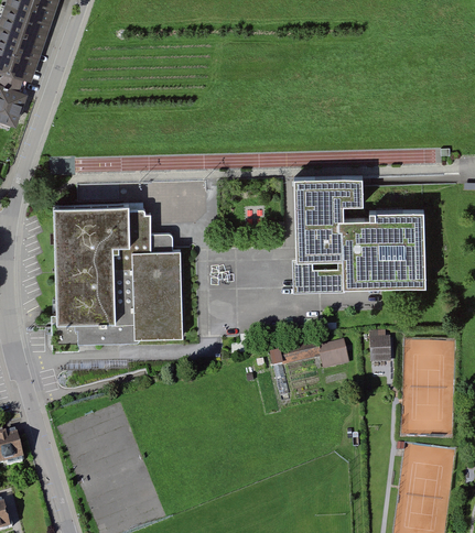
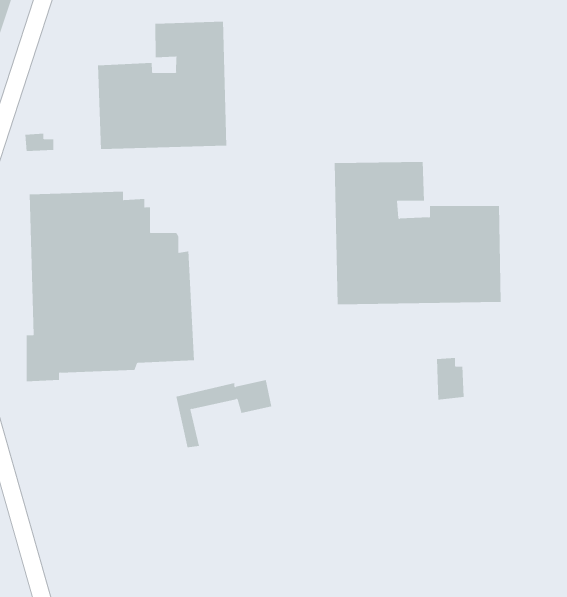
building: none -> [98,21,227,150]
building: [272,340,347,393] -> [176,380,272,448]

